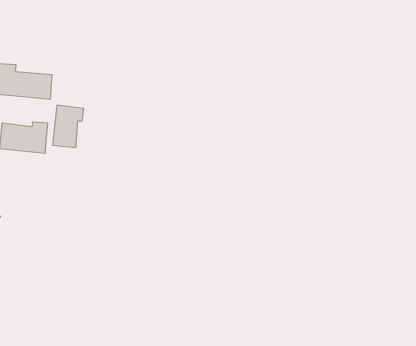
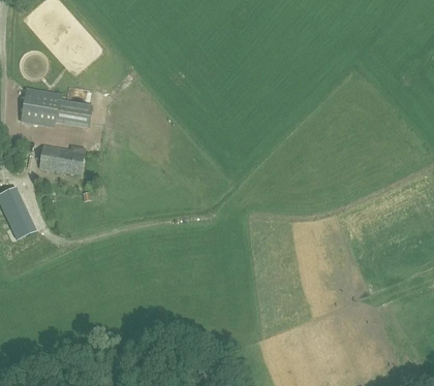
building: [53,105,83,148] -> none

